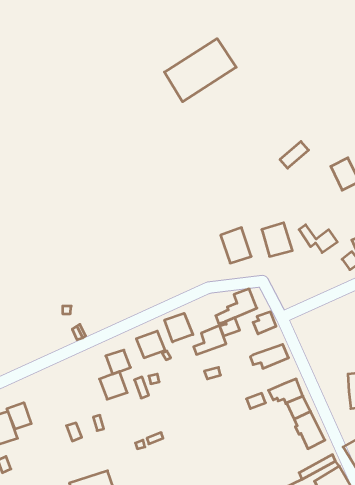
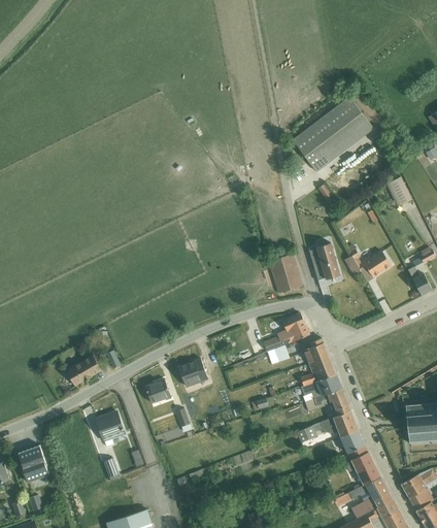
building: [164,39,236,102] -> [296,99,373,167]
building: [165,313,193,342] -> none
building: [194,326,226,354] -> [300,354,335,385]
building: none -> [65,355,100,386]
building: none -> [305,388,349,416]
building: [99,371,127,399] -> [95,411,125,441]
building: [7,403,31,429] -> none
building: none -> [316,476,389,512]

